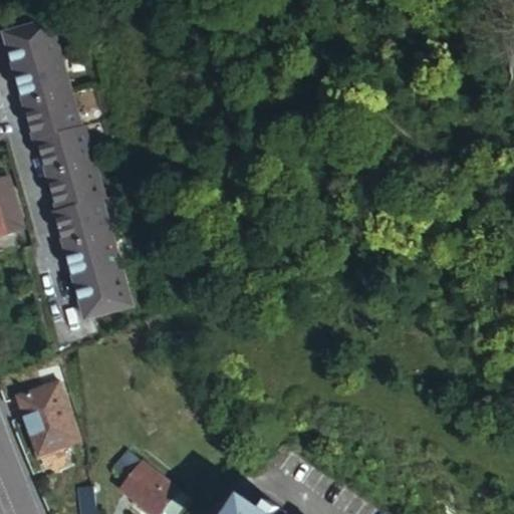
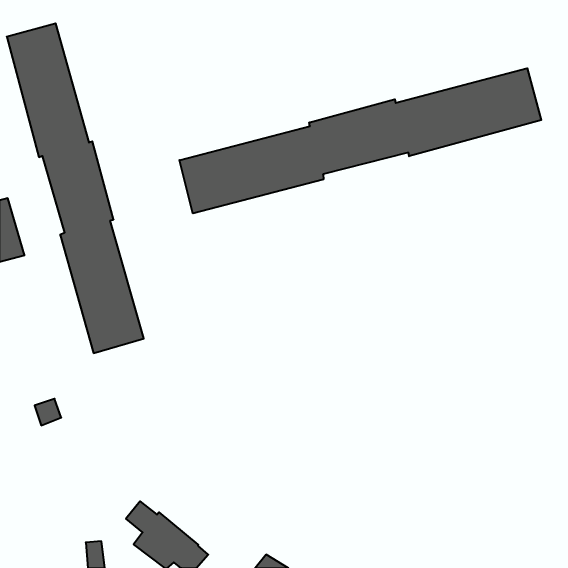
building: none -> [179,68,541,213]
building: [16,382,77,456] -> none

